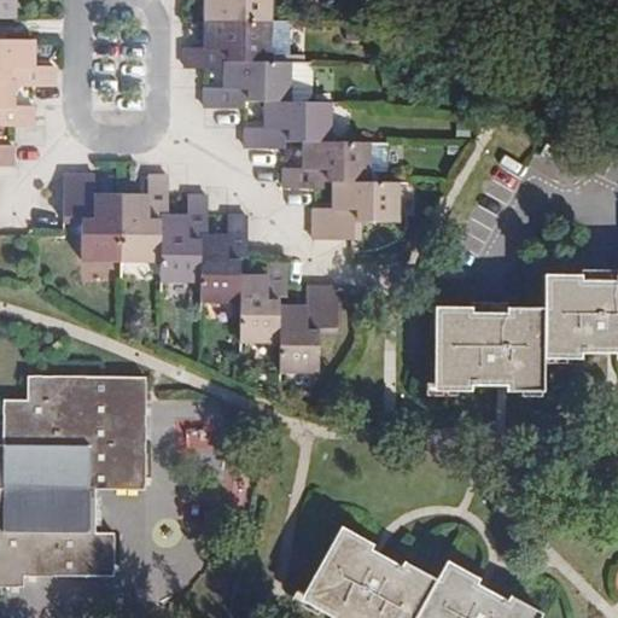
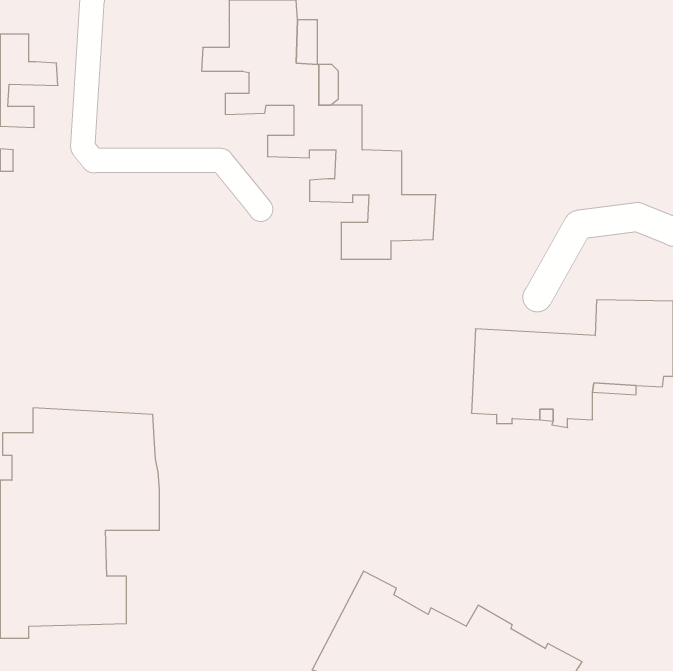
building: [63,176,337,374] -> none

